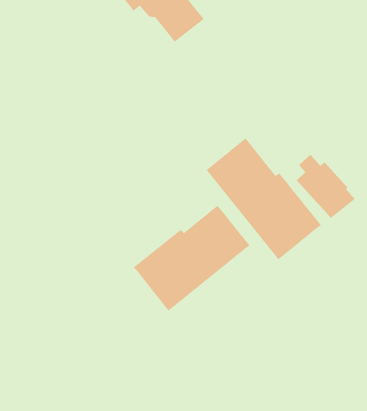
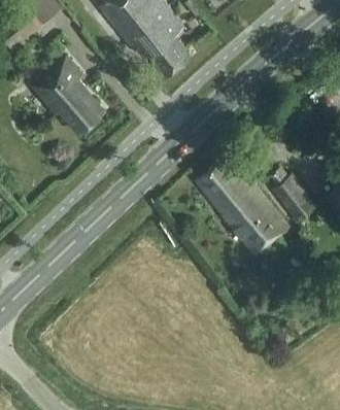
building: none -> [32,59,101,132]
building: [133,205,250,311] -> none

